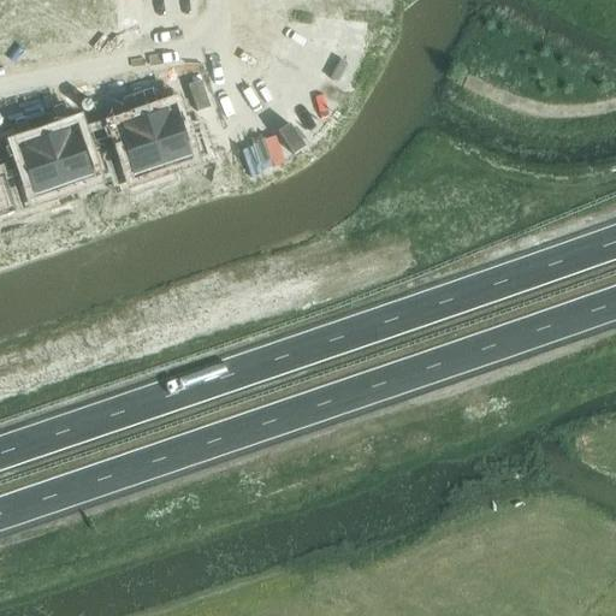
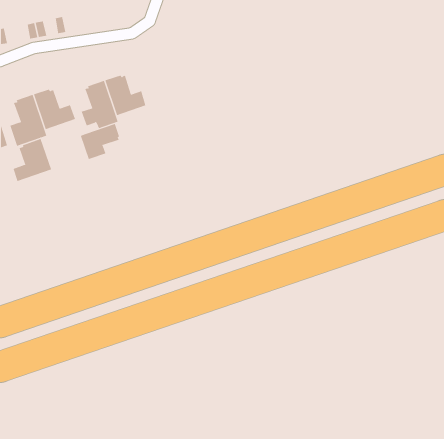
building: none -> [80,123,120,160]
building: none -> [13,138,52,182]

